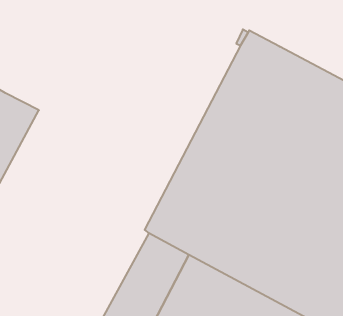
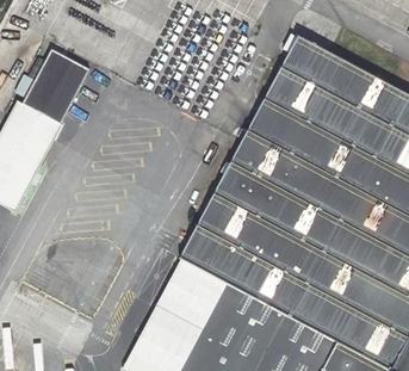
building: none -> [25,50,92,125]

